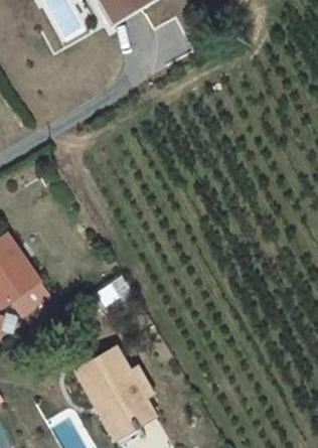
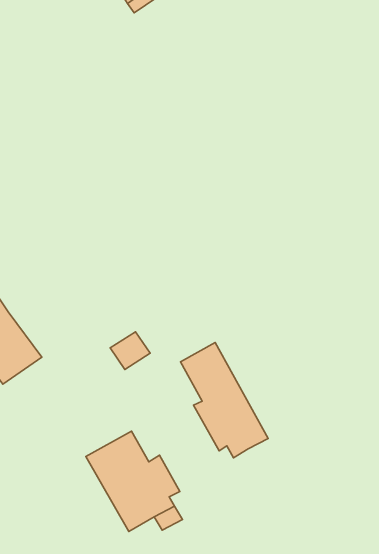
building: none -> [181,342,268,458]

